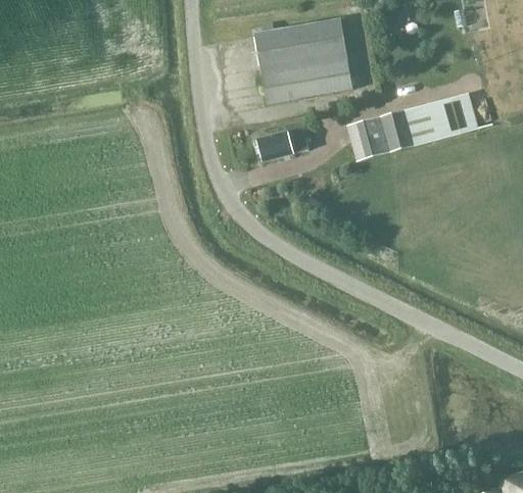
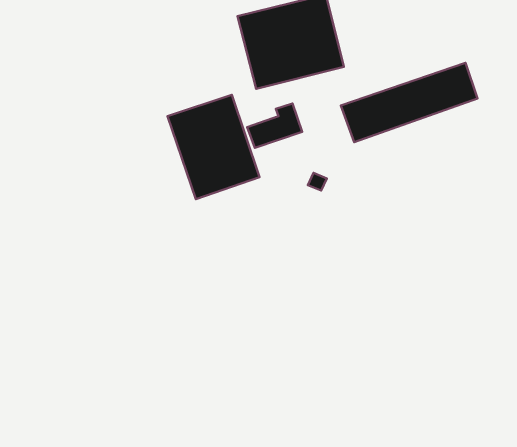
building: none -> [167,95,260,199]

